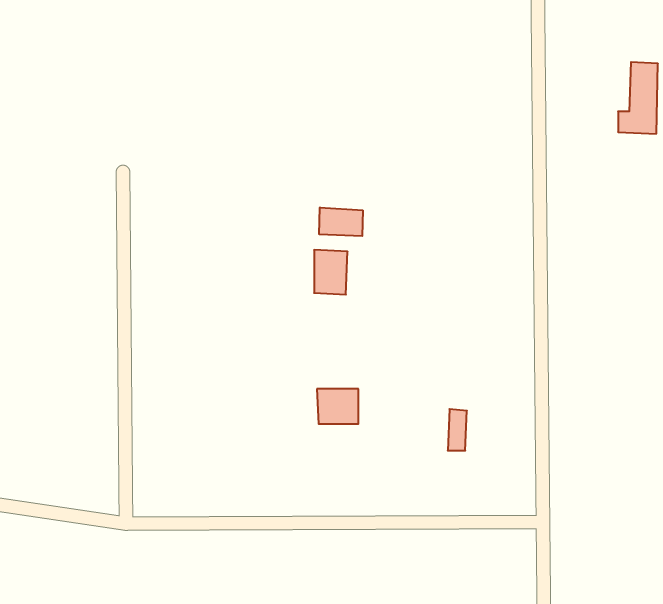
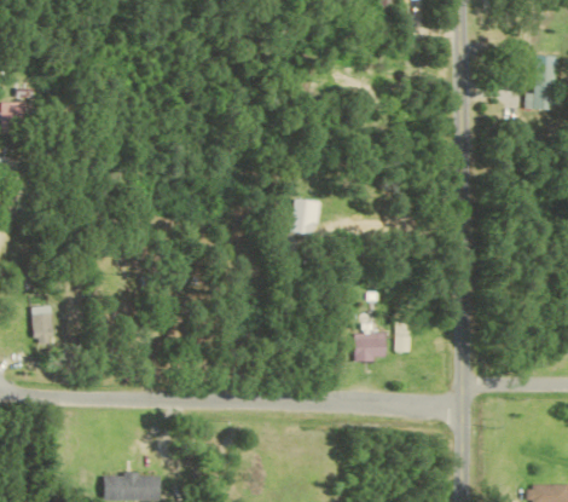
building: [319,207,363,236] -> none
building: [317,389,358,424] -> [354,333,386,359]

